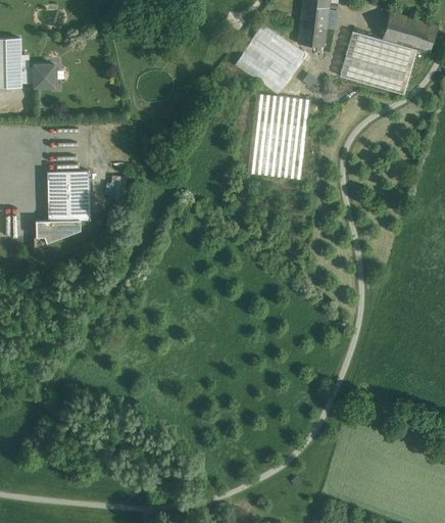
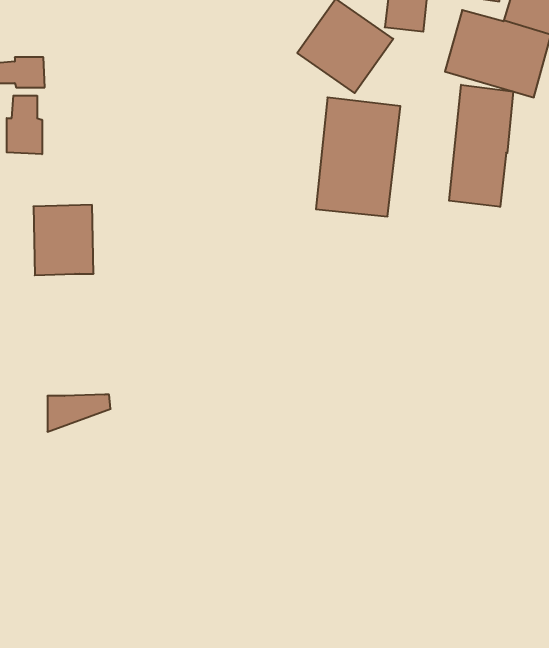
building: none -> [449,85,513,207]
building: none -> [7,96,42,154]
building: [36,220,81,246] -> [47,395,111,432]

